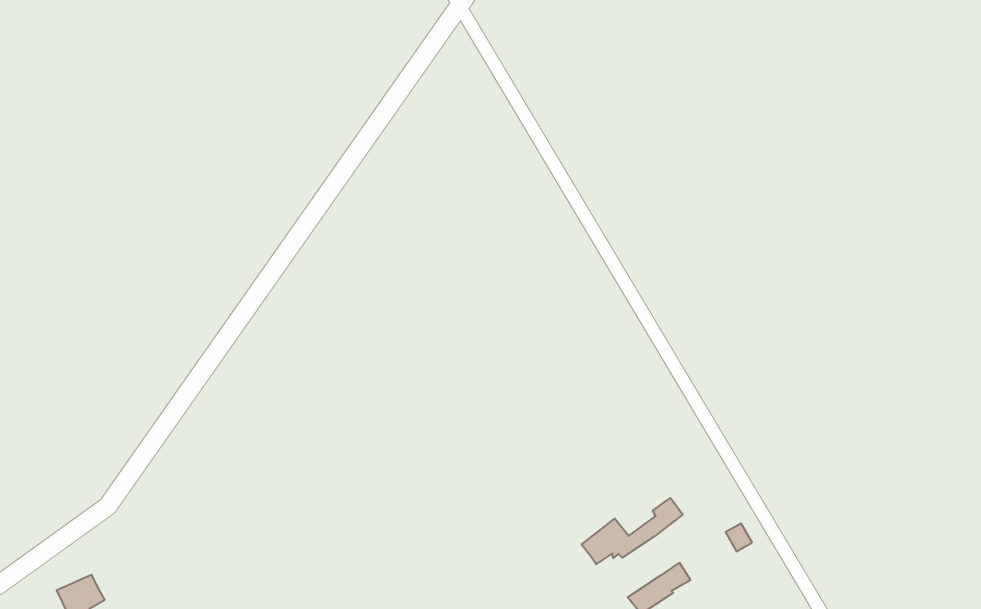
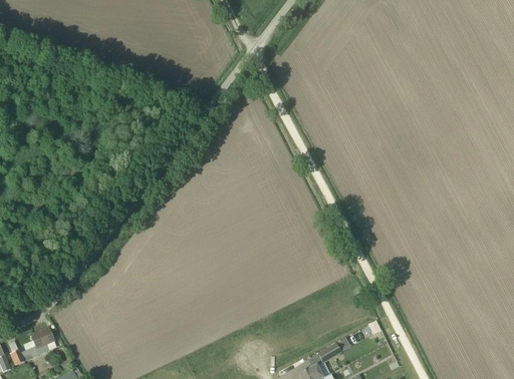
building: [582,498,683,564] -> none

